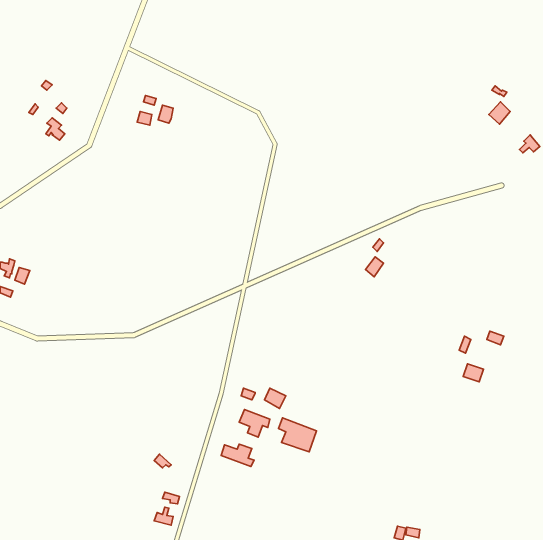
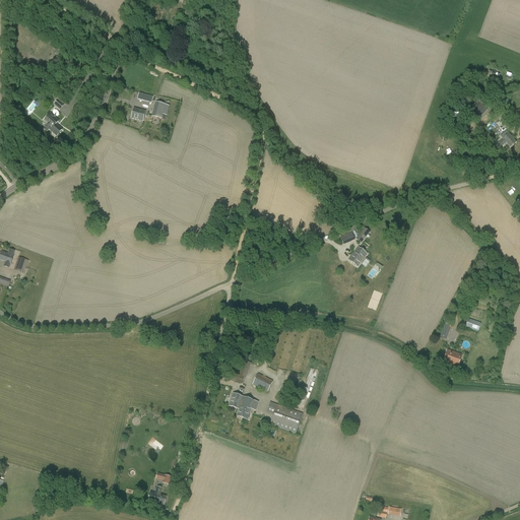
building: [221,444,254,467] -> none

